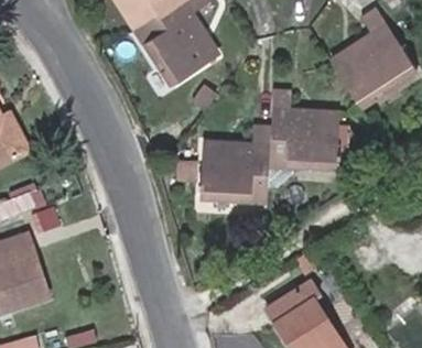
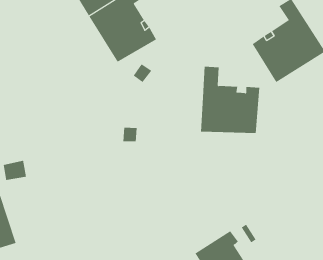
building: [198,123,271,199] -> none

